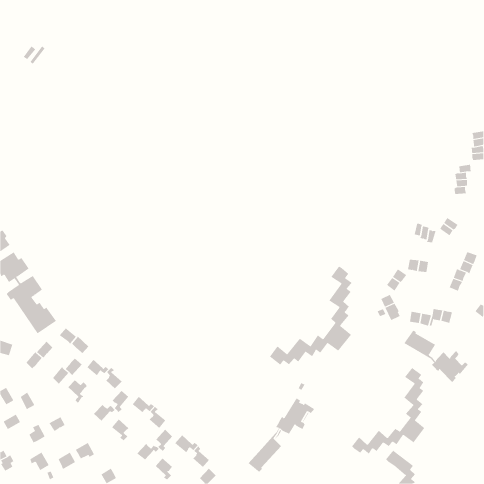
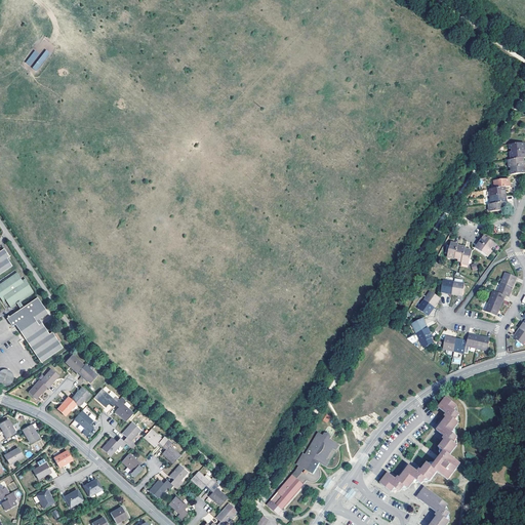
building: [269,266,353,366] -> none
building: [403,330,469,383] -> none

